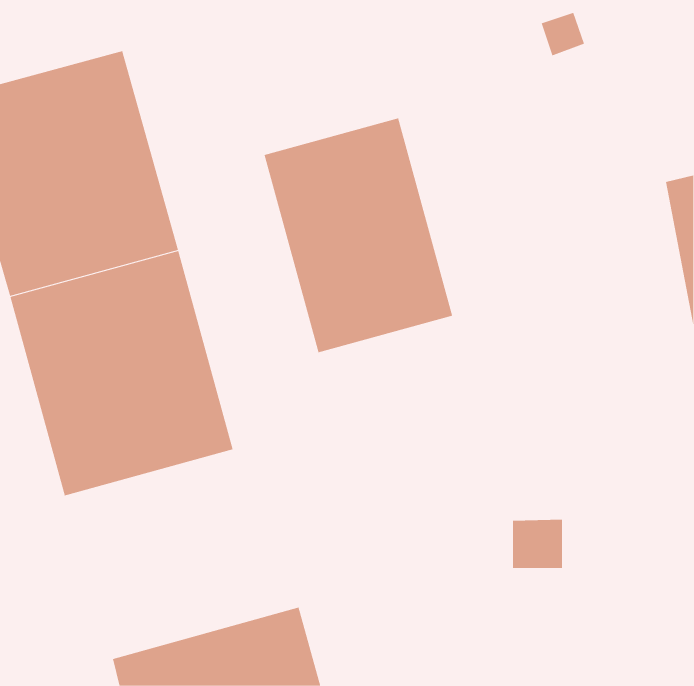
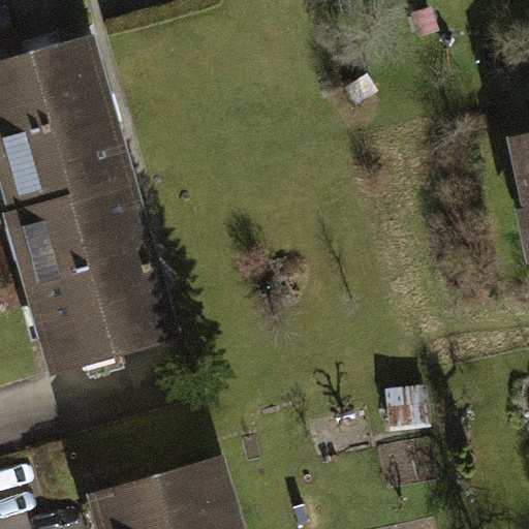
building: [264,118,453,353] -> none

